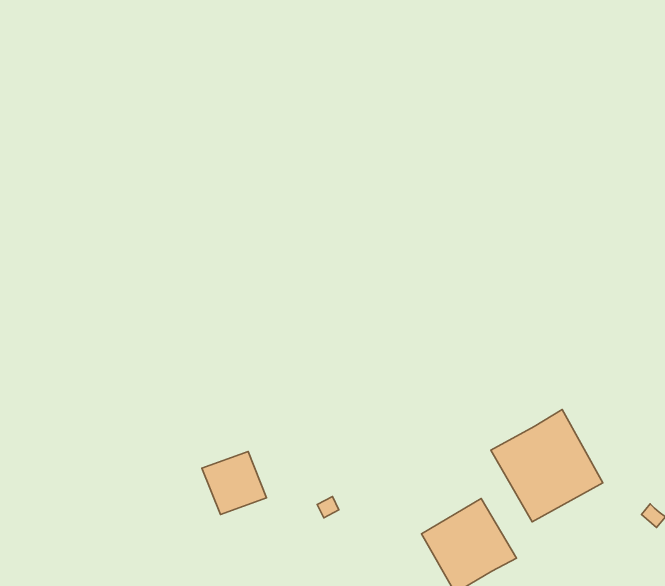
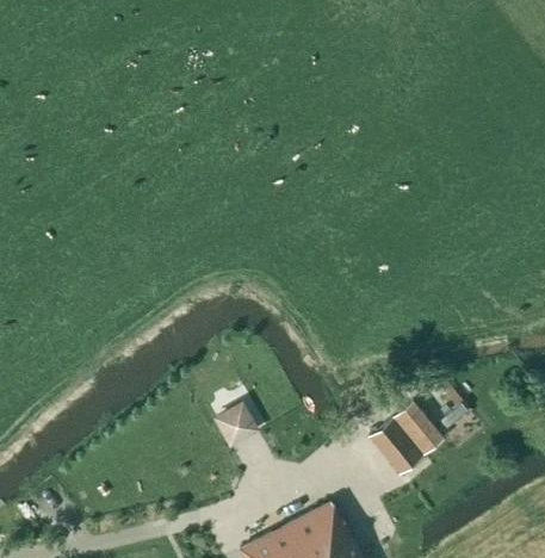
building: [491,409,603,522] -> none

